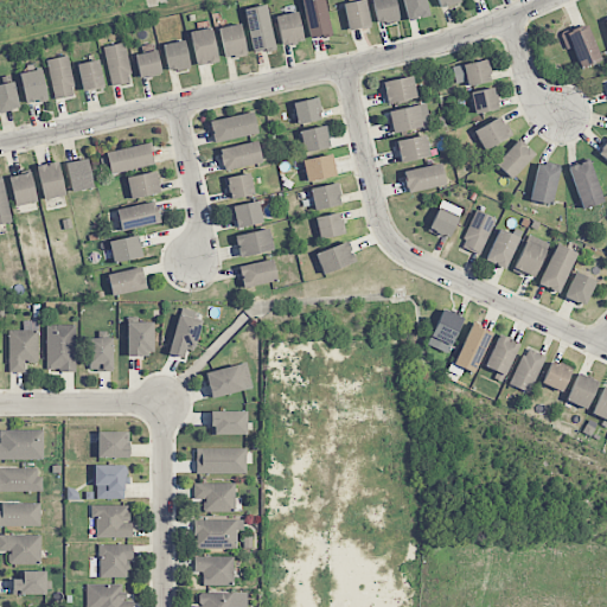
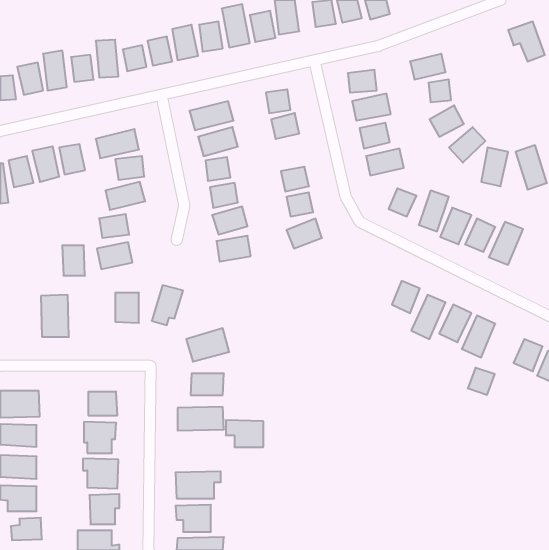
building: [305,155,337,181] -> none
building: [566,273,596,306] -> none
building: [9,330,39,372] -> none
building: [89,338,114,371] -> [62,245,85,276]
building: [543,362,573,391] -> [468,368,495,395]
building: [194,483,236,512] -> [226,420,263,447]

